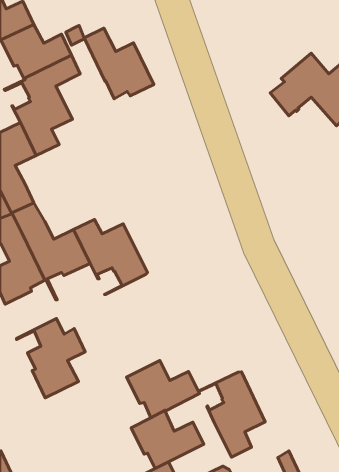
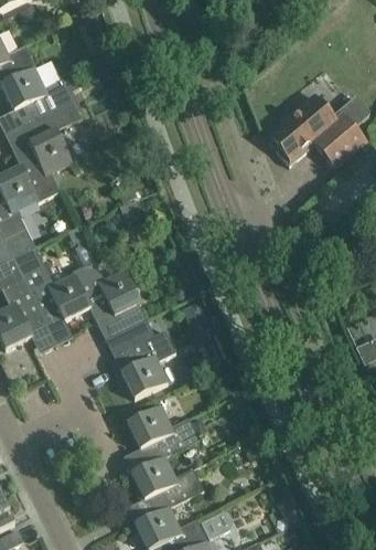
building: [84,28,154,99] -> none
building: [17,319,85,398] -> [106,319,174,399]
building: [199,372,265,457] -> none

